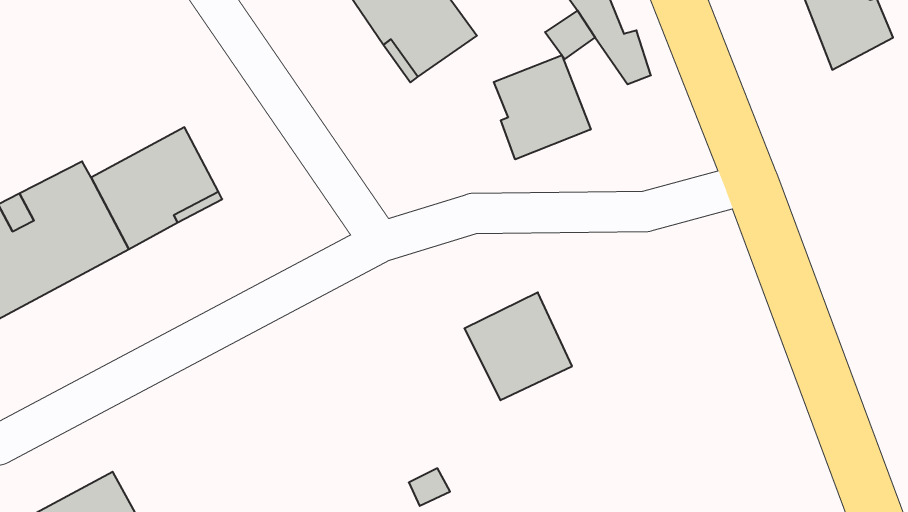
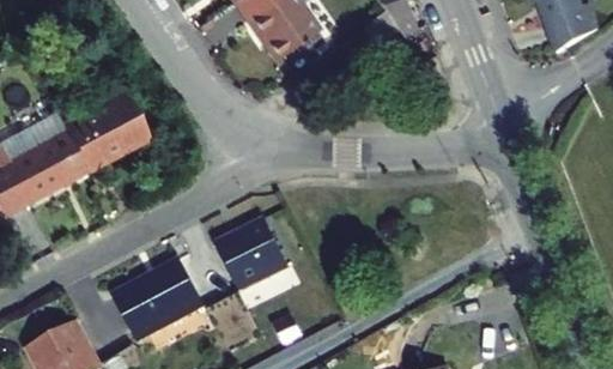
building: [494,55,591,159] -> none
building: [464,292,572,400] -> [217,218,289,290]
building: none -> [114,259,204,339]

